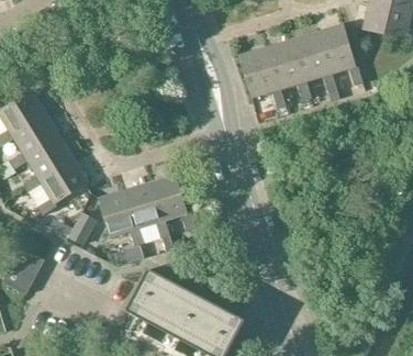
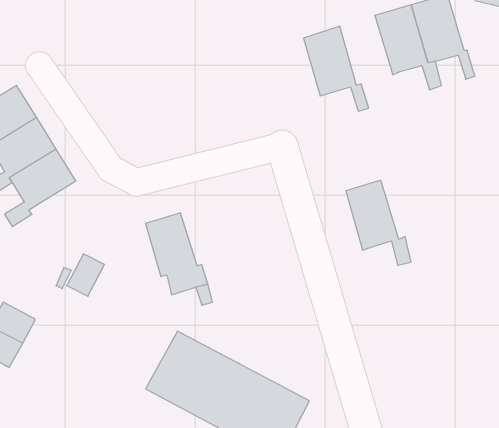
building: [265,40,312,101] -> [346,180,411,265]
building: [36,159,88,215] -> none
building: [149,175,196,231] -> none
building: [98,190,143,244] -> none

